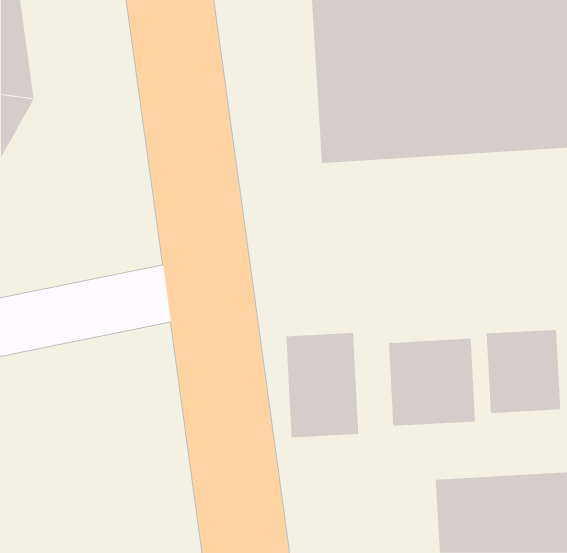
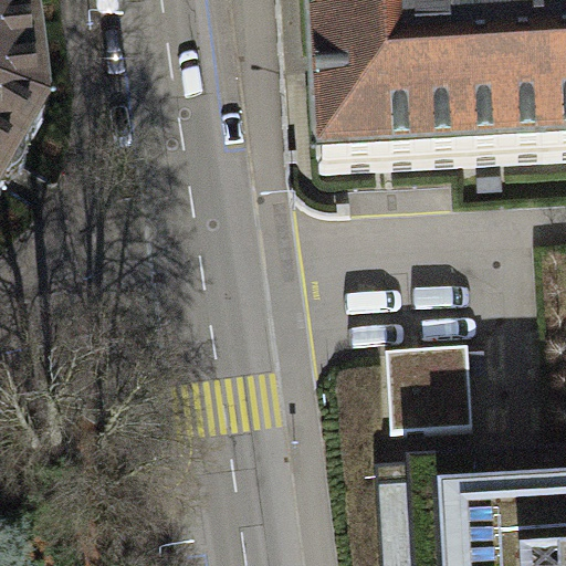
building: [486,329,561,414] -> none
building: [286,332,359,438] -> none

